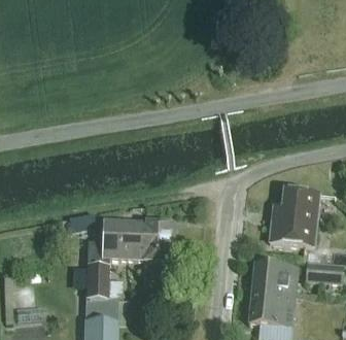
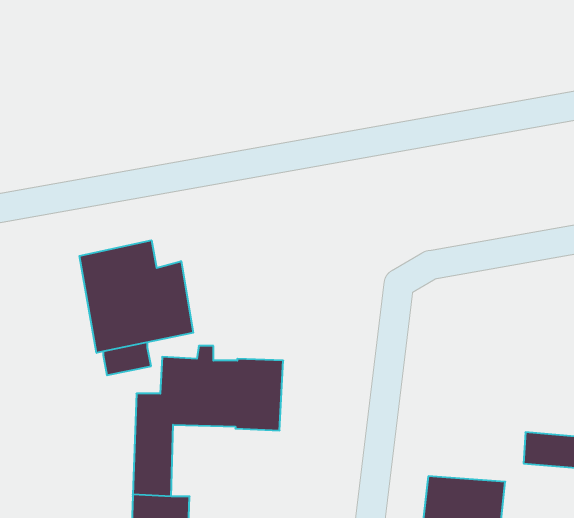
building: none -> [79,240,193,353]
building: [270,190,319,246] -> none
building: [252,263,298,291] -> none

